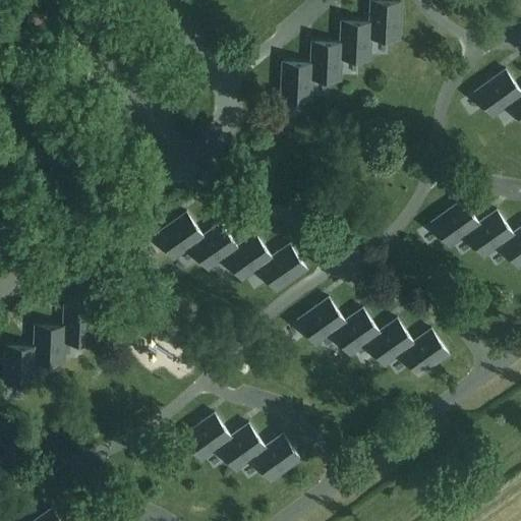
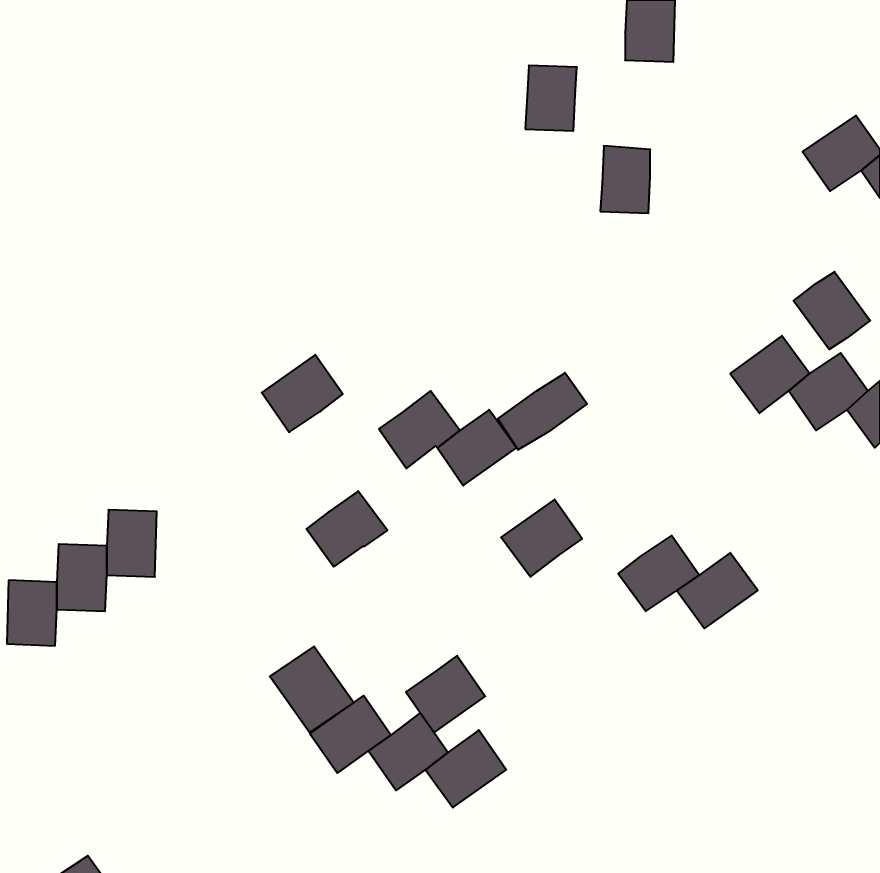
building: [340,21,369,61] -> [600,146,650,213]
building: [281,62,311,102] -> none
building: none -> [794,272,870,349]
building: none -> [498,373,587,450]
building: [189,225,237,270] -> [306,491,387,567]
building: [331,309,379,355] -> none
building: none -> [270,646,354,733]
building: none -> [406,656,485,733]

